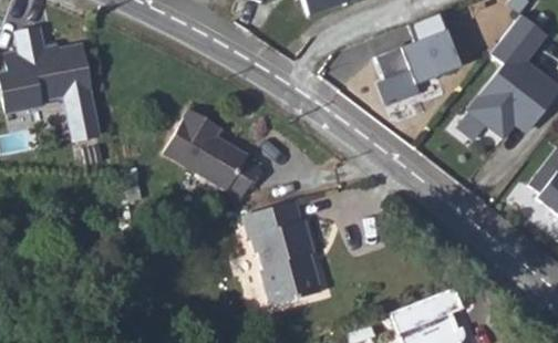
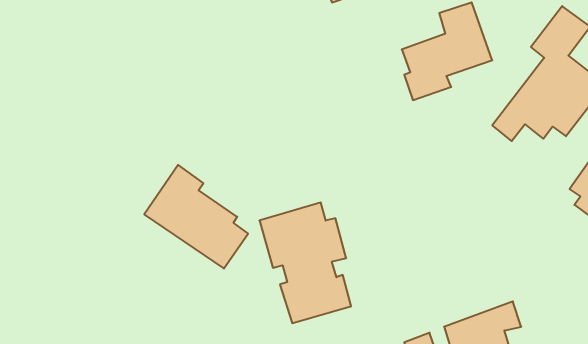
building: [12,21,108,135] -> none
building: [172,107,267,202] -> [144,165,248,269]

